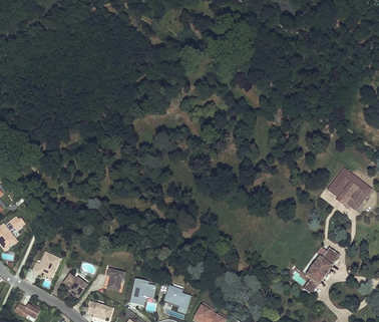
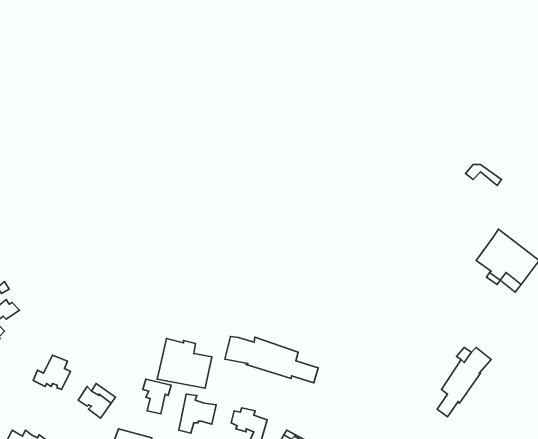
building: none -> [225,336,318,383]
building: none -> [157,339,212,388]

